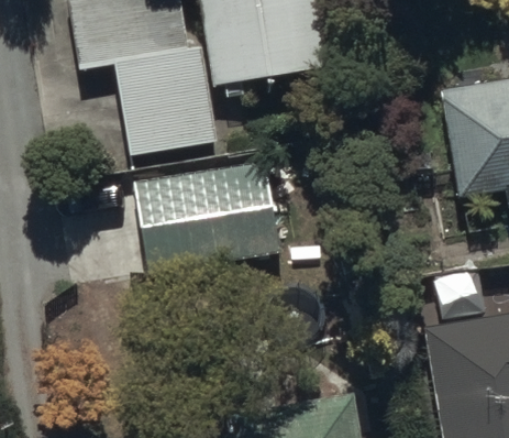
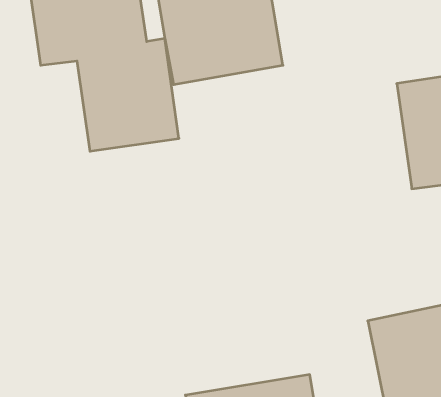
building: [131,155,284,273] -> none

